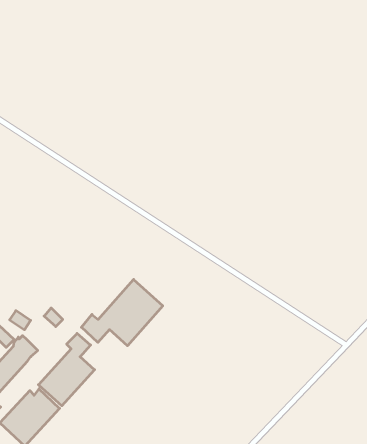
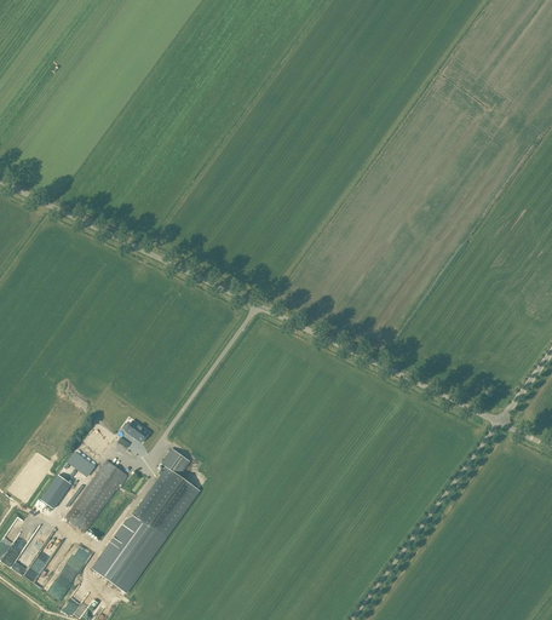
building: [81,279,163,346] -> none

